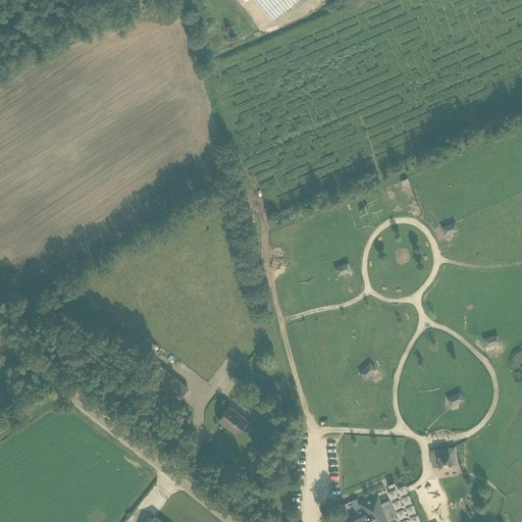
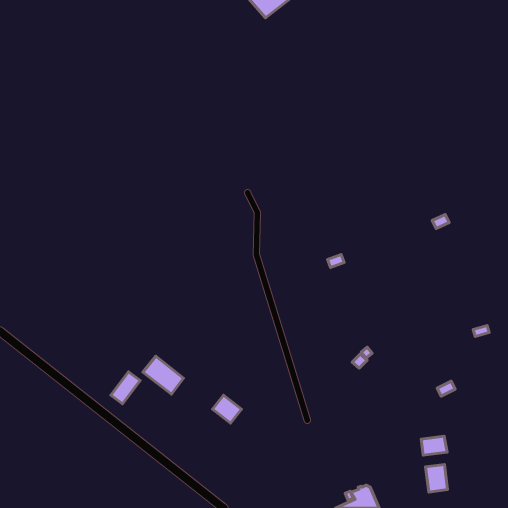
building: none -> [111,372,140,404]
building: none -> [426,464,448,492]

